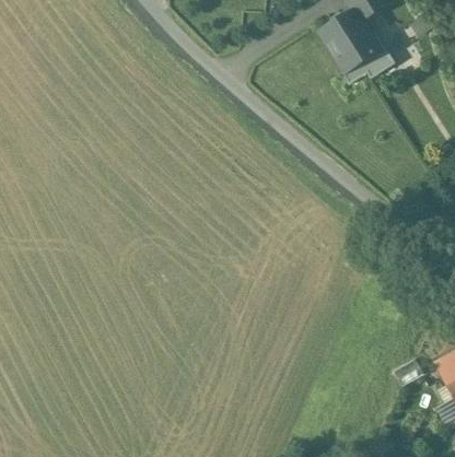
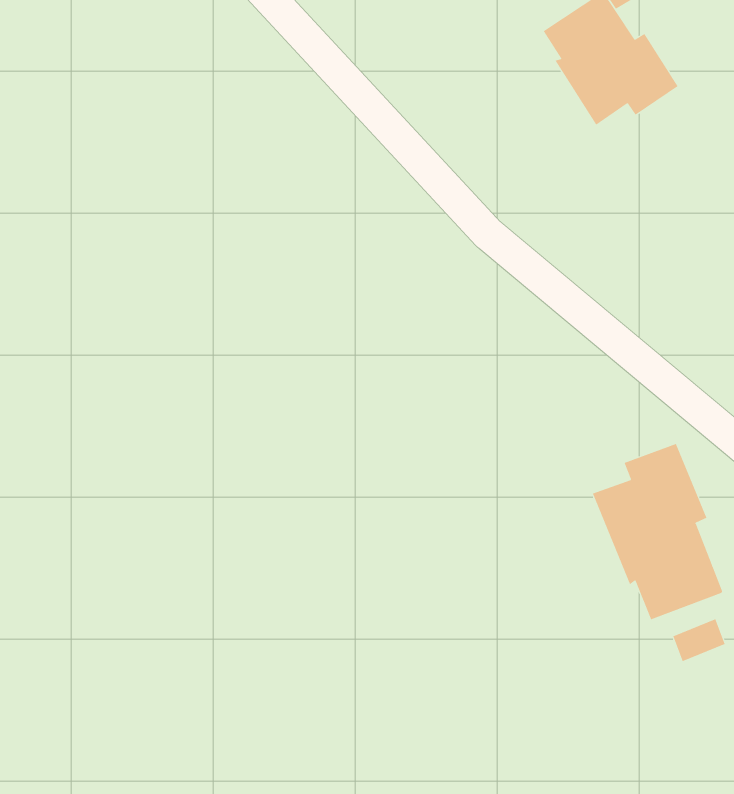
building: none -> [592,443,723,620]

